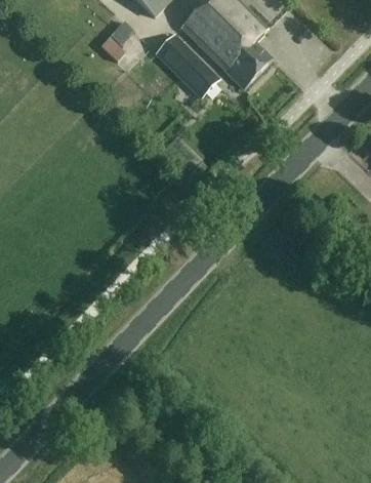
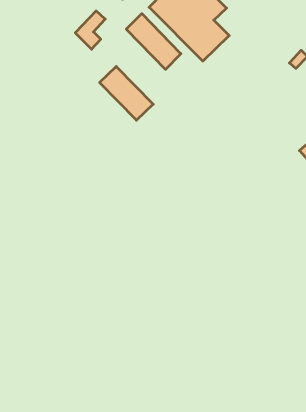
building: none -> [100,66,153,120]

